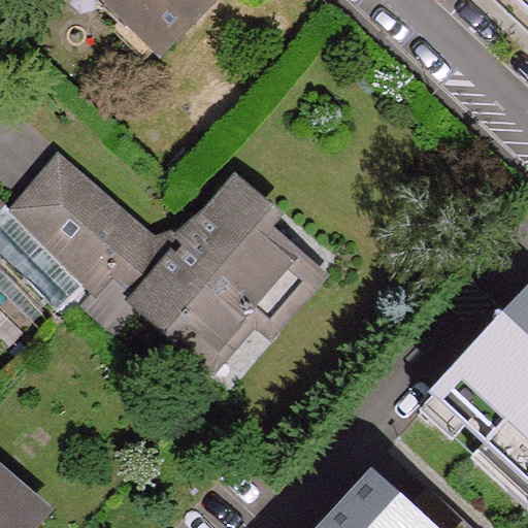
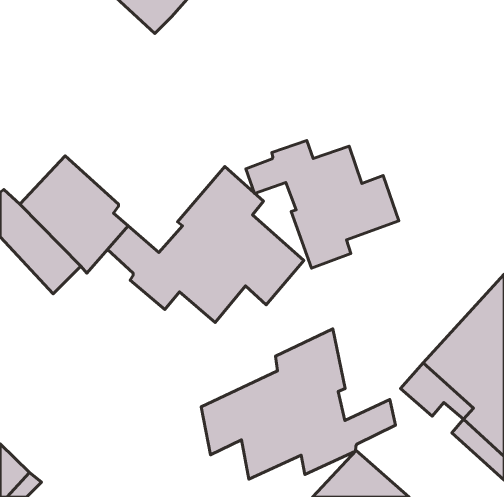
building: none -> [246,140,399,268]
building: none -> [201,329,396,479]

